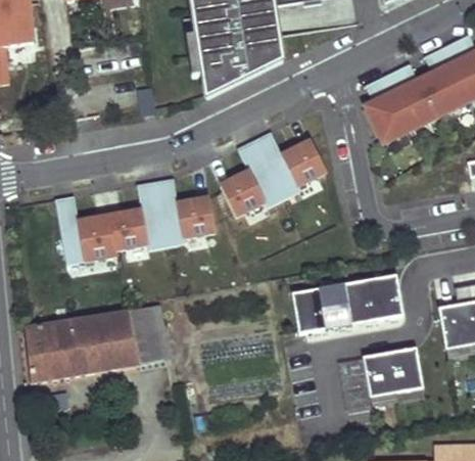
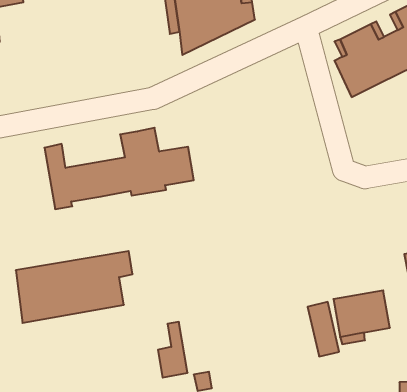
building: [221,129,327,214] -> none
building: [293,276,405,335] -> none
building: [136,305,168,364] -> [158,322,188,378]

